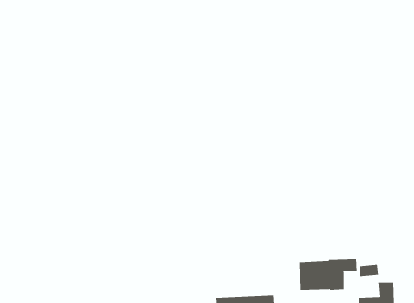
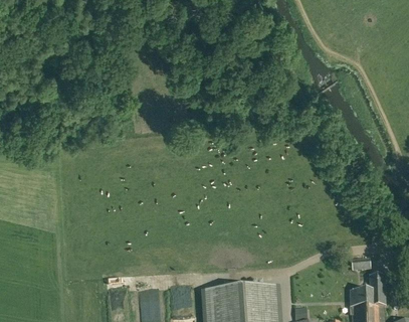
building: [299,258,357,291] -> none

